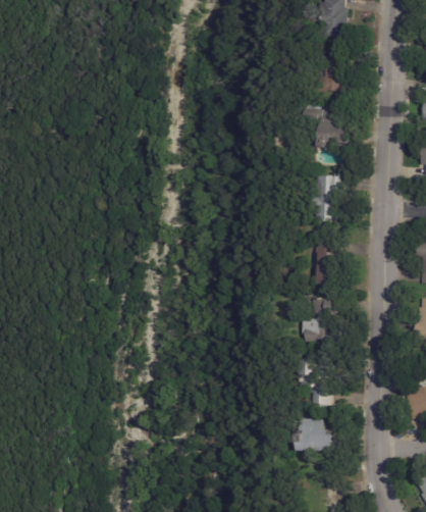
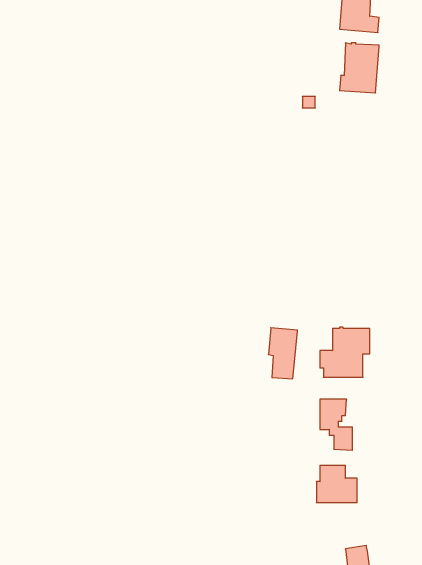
building: [313,108,349,147] -> none
building: [309,174,341,218] -> none
building: [312,239,337,284] -> [268,328,297,379]

